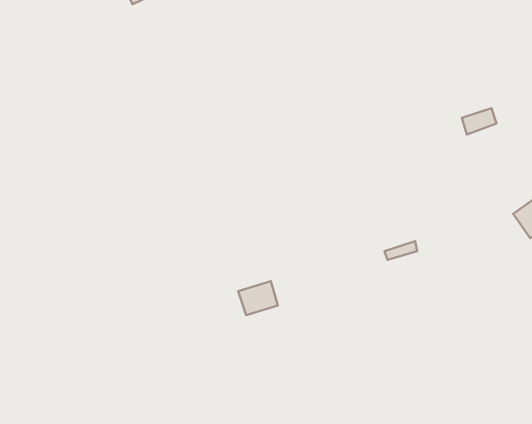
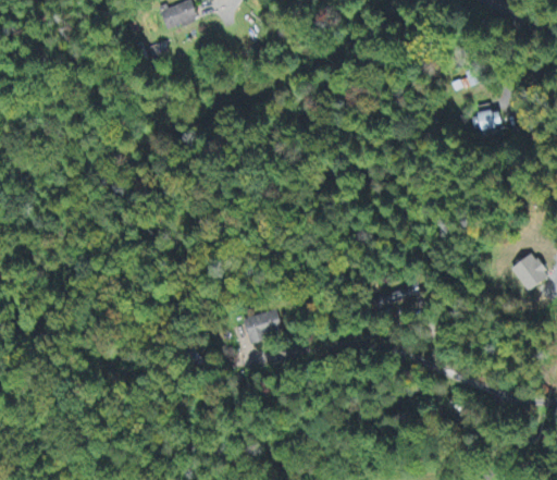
building: [462,108,496,134] -> [468,109,500,132]

